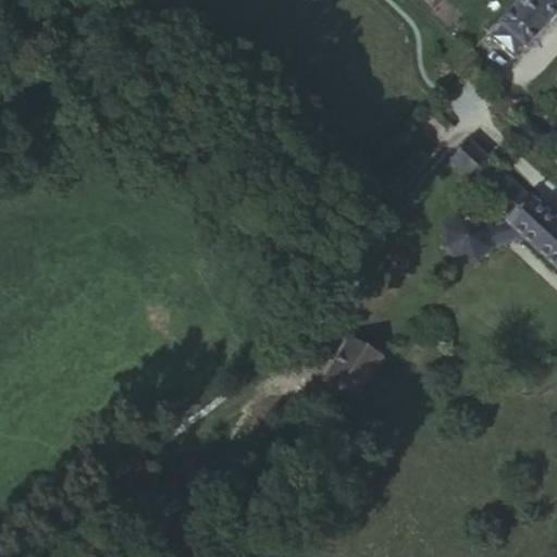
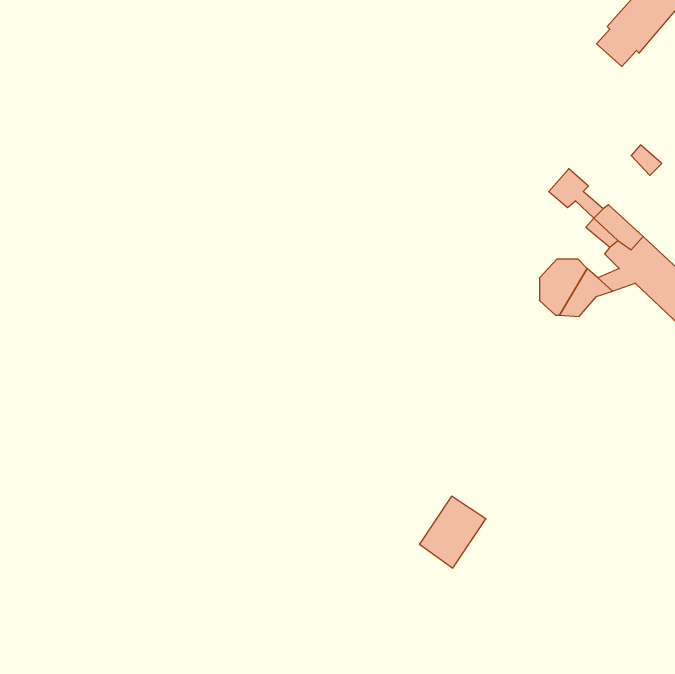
building: [326,337,381,396] -> [419,496,486,568]

